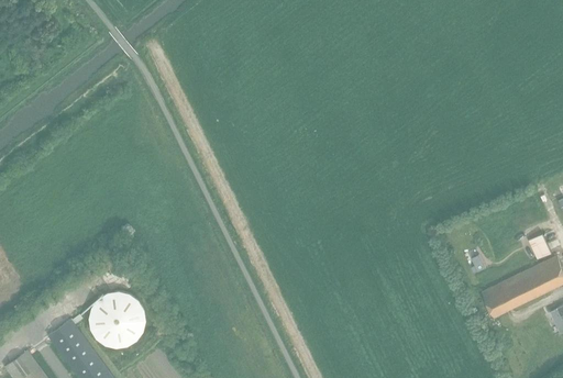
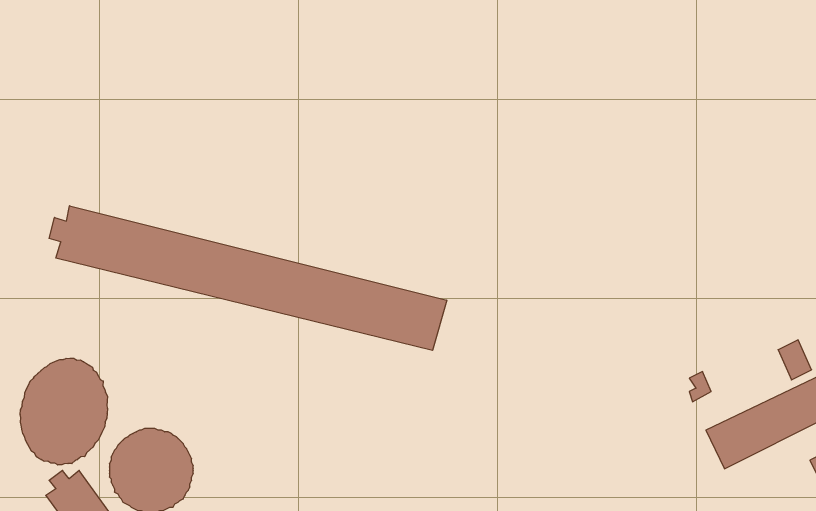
building: none -> [49,206,447,350]
building: none -> [20,358,108,465]

